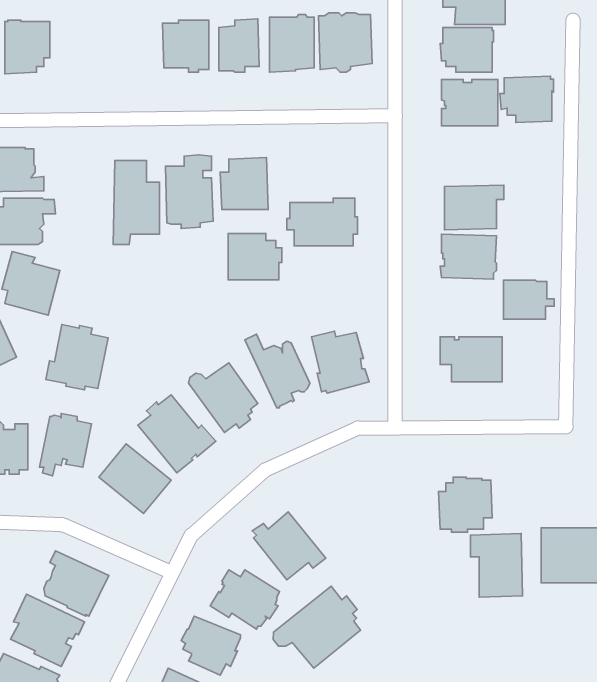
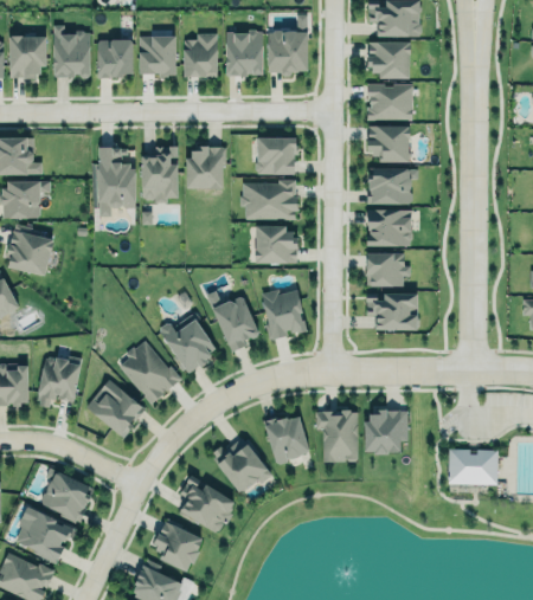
building: none -> [52,24,90,75]
building: none -> [98,38,133,78]
building: [500,76,553,123] -> [366,125,410,163]
building: none -> [257,138,296,176]
building: [228,233,282,280] -> [256,225,300,263]
building: [503,280,554,319] -> [367,253,409,285]
building: [46,325,108,390] -> none
building: none -> [264,415,309,464]
building: [470,534,522,597] -> [316,412,359,464]
building: [273,586,360,668] -> none

